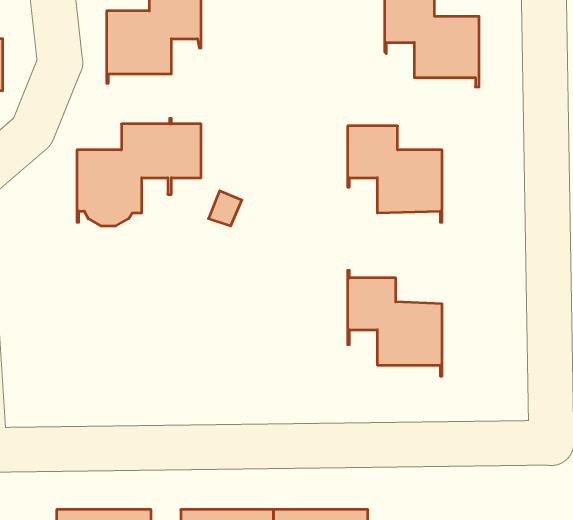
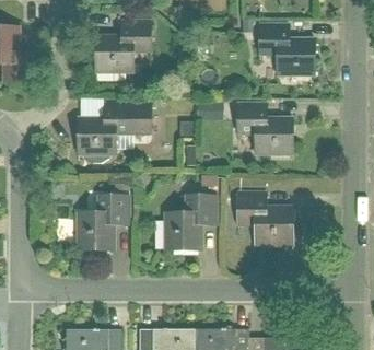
building: none -> [71,195,129,250]
building: none -> [159,195,215,250]

